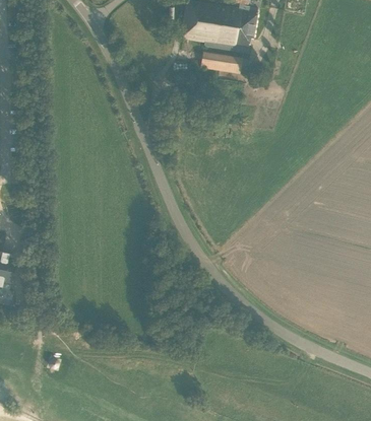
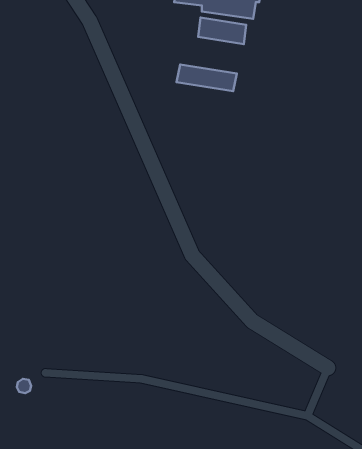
building: none -> [177,65,237,91]

